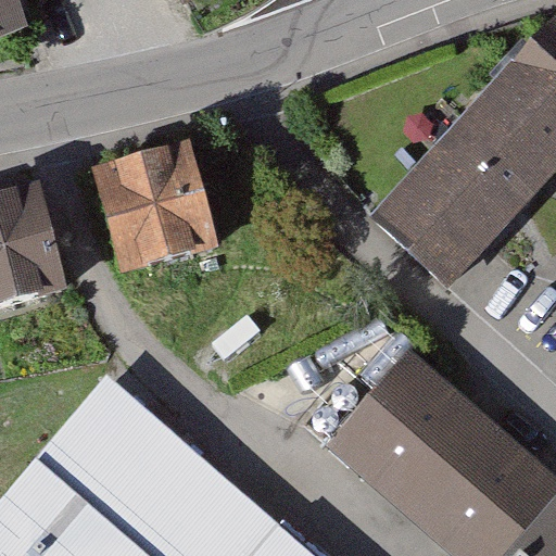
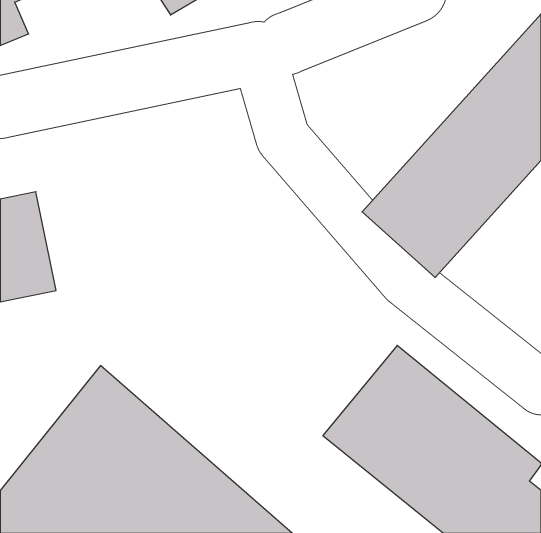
building: [93,144,223,273] -> none

